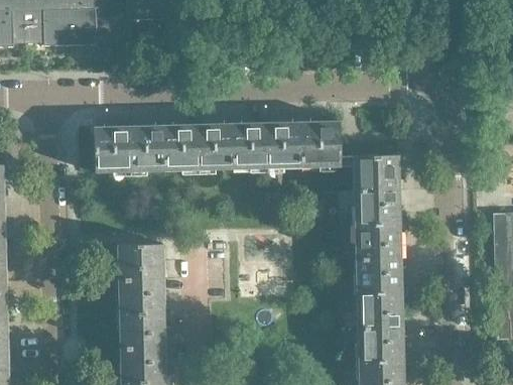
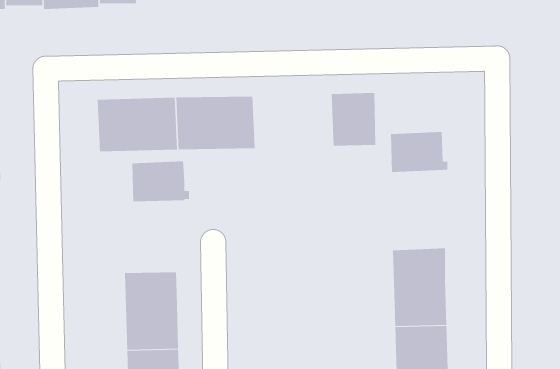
building: [231,121,301,169] -> none
building: [353,188,401,259] -> none
building: [116,243,167,279] -> [132,161,190,202]

